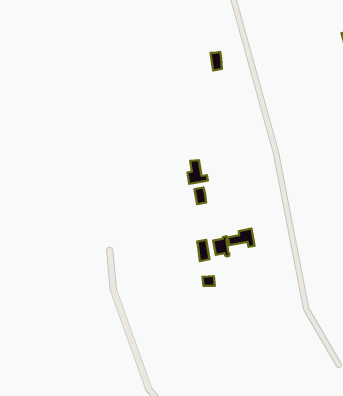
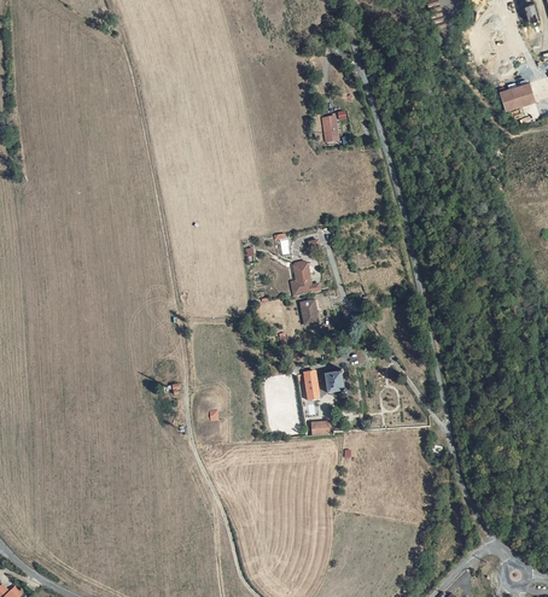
building: [227,228,254,247] -> none

